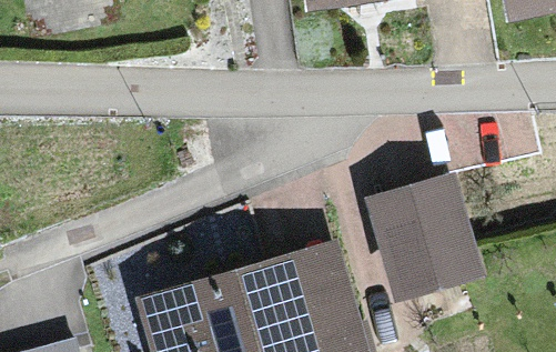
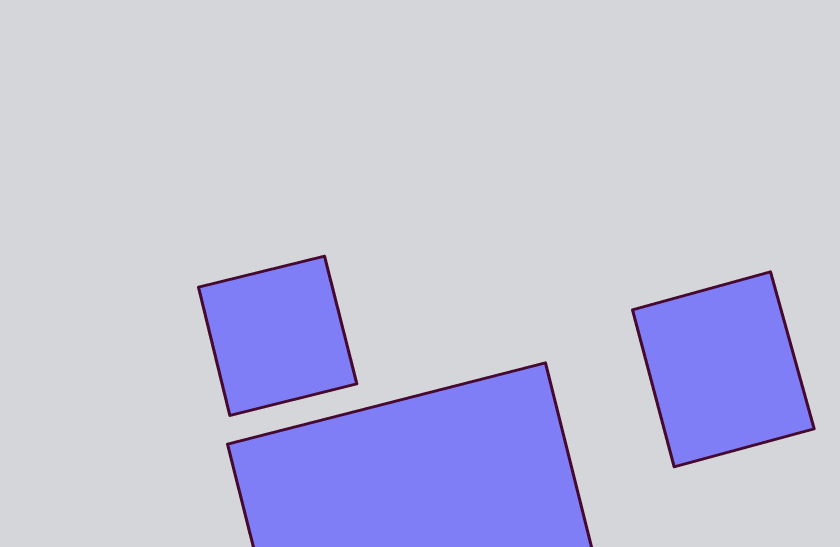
building: none -> [199,256,357,416]

